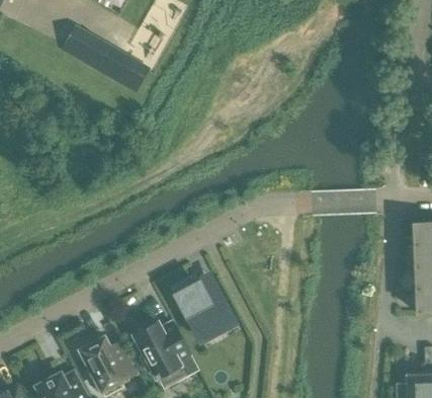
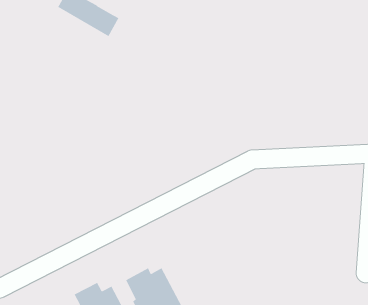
building: [176,283,235,337] -> none

